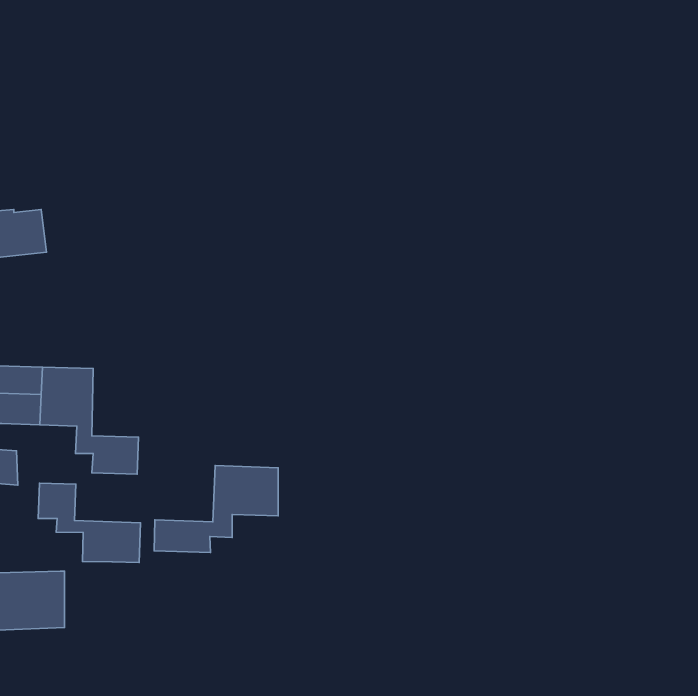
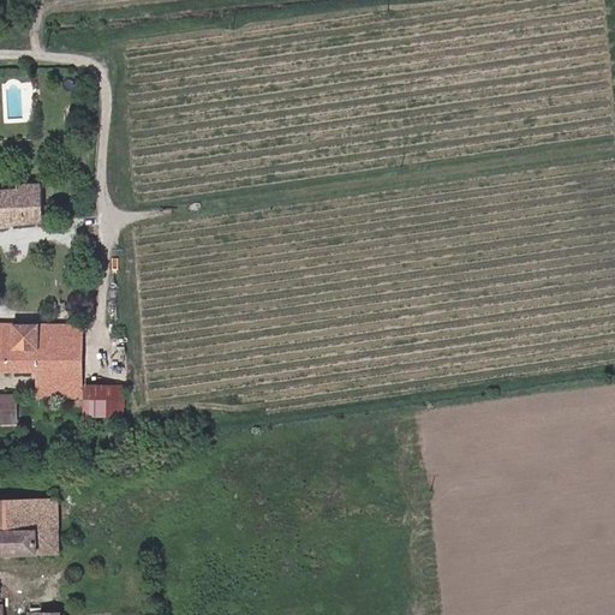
building: none -> [34,372,67,398]
building: [154,466,278,553] -> none
building: [38,483,140,562] -> none

